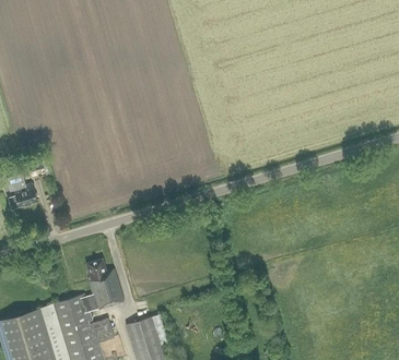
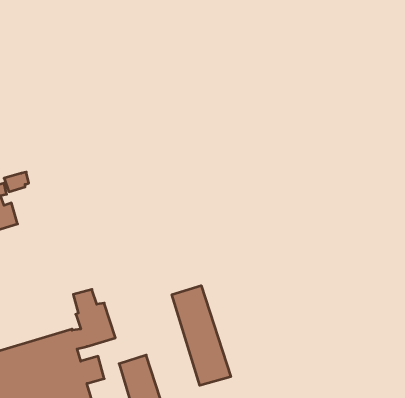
building: none -> [172,286,231,385]

